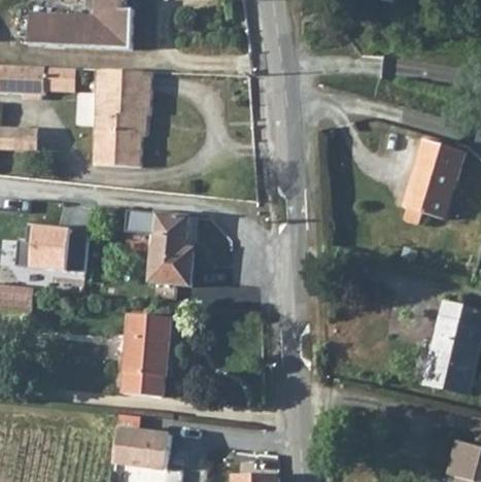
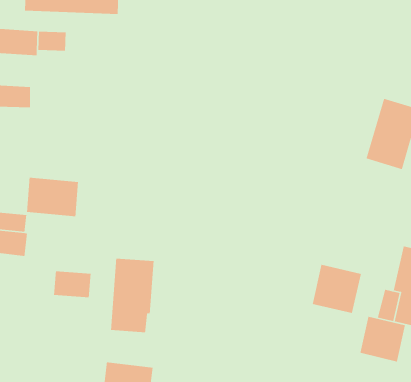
building: [91,68,150,167] -> none
building: [147,212,192,285] -> none
building: none -> [312,264,362,314]
building: none -> [53,270,91,298]
building: none -> [359,316,406,362]

